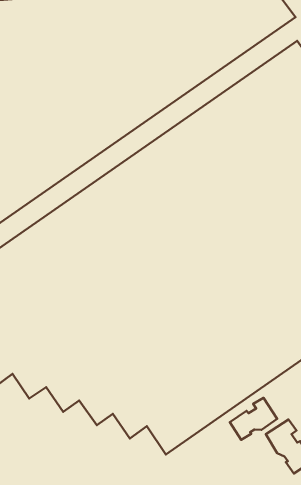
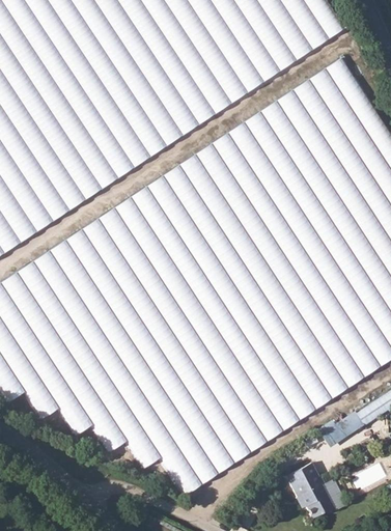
building: [230,398,277,440] -> none

